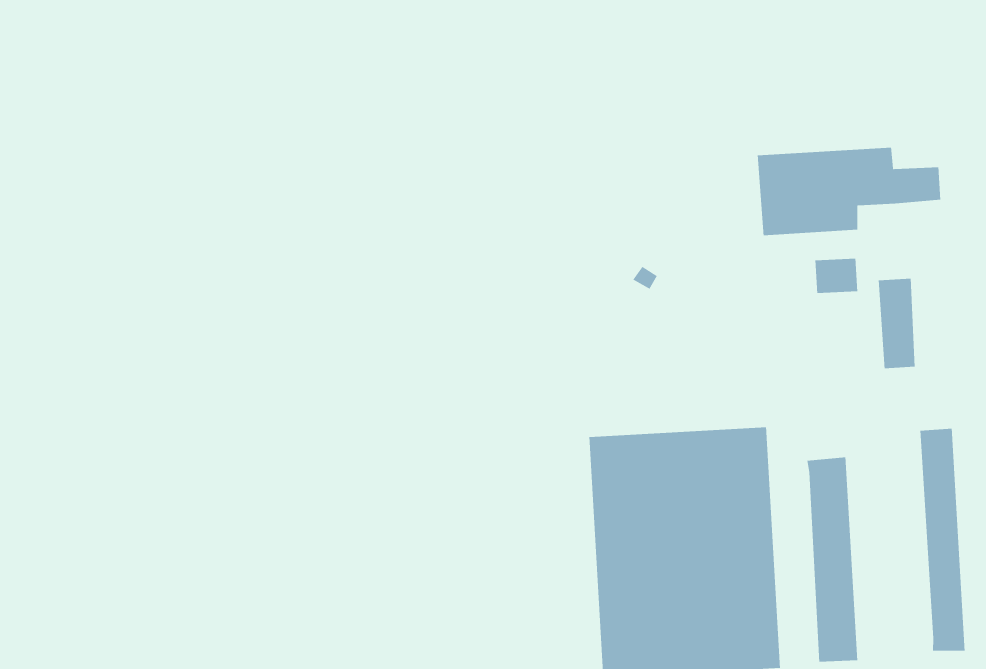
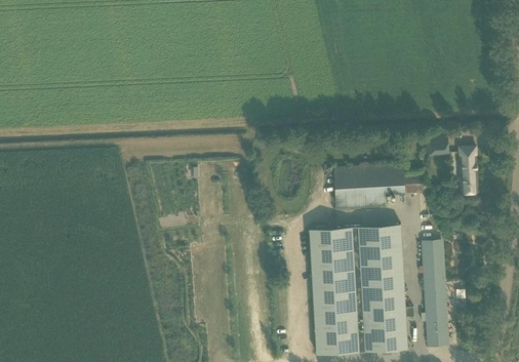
building: [757,147,941,236] -> [333,164,429,210]
building: [919,428,965,651] -> none

